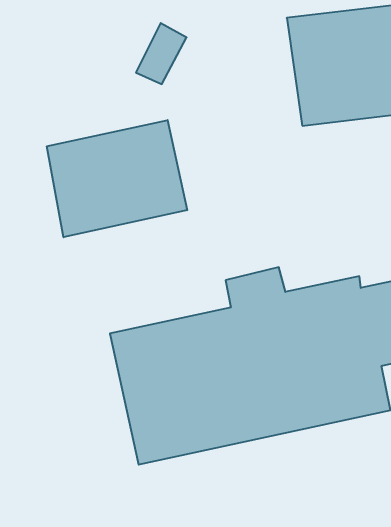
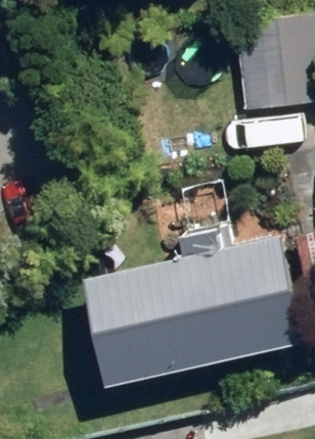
building: [47,120,187,237] -> none

